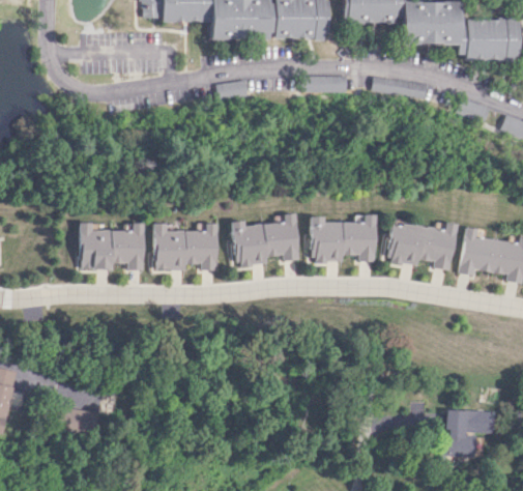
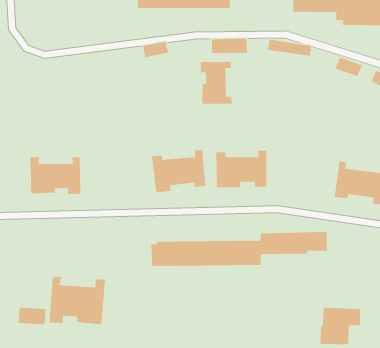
building: none -> [200,61,232,104]
building: [153,223,219,270] -> none
building: [386,223,455,270] -> none
building: none -> [151,231,327,267]
building: none -> [48,276,106,325]

